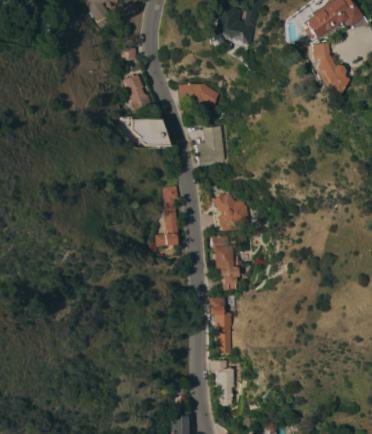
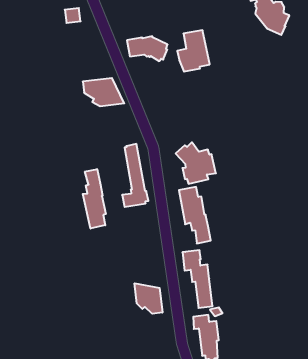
building: [127,74,155,113] -> none
building: [197,126,227,164] -> [177,30,210,72]
building: none -> [83,169,106,229]
building: none -> [135,283,162,314]

